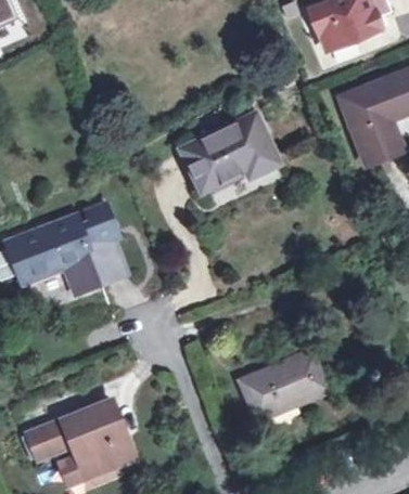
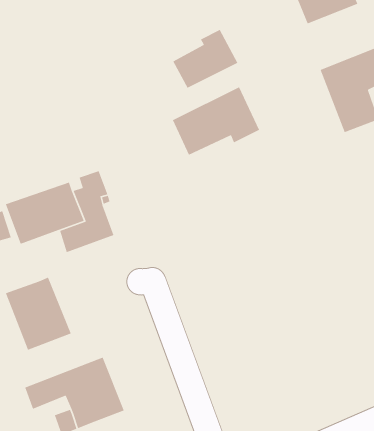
building: none -> [172,29,238,89]
building: none -> [5,277,72,351]
building: [239,351,327,421] -> none

